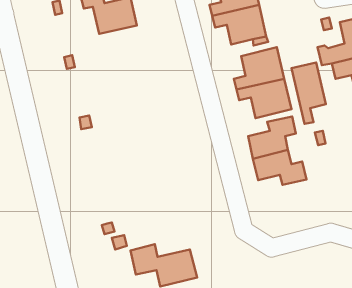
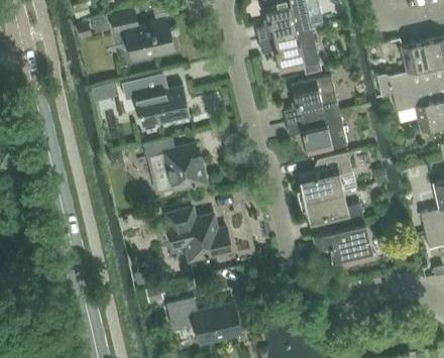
building: none -> [122,74,191,127]
building: [292,62,326,124] -> none
building: none -> [144,138,206,194]
building: none -> [166,208,233,260]
building: none -> [314,224,374,268]

